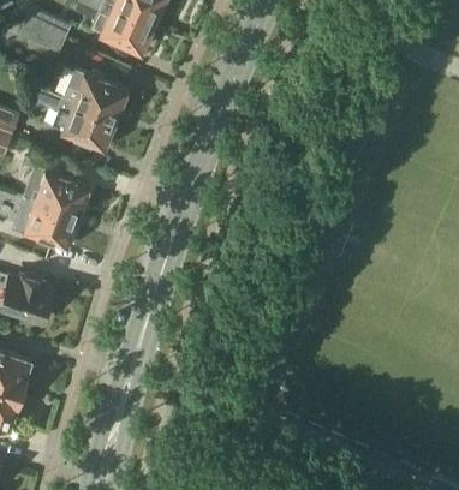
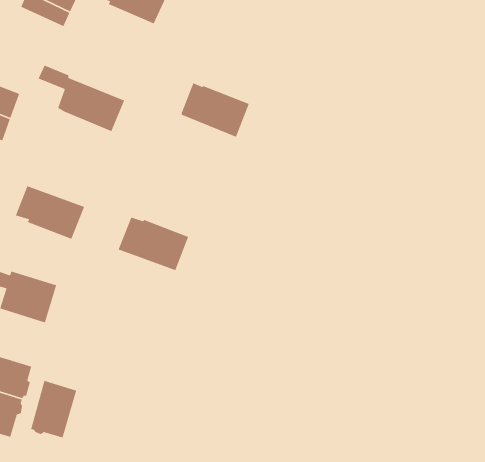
building: [64,70,126,120] -> [181,82,250,138]
building: [25,167,90,216] -> [117,217,189,271]
building: none -> [30,380,77,439]

